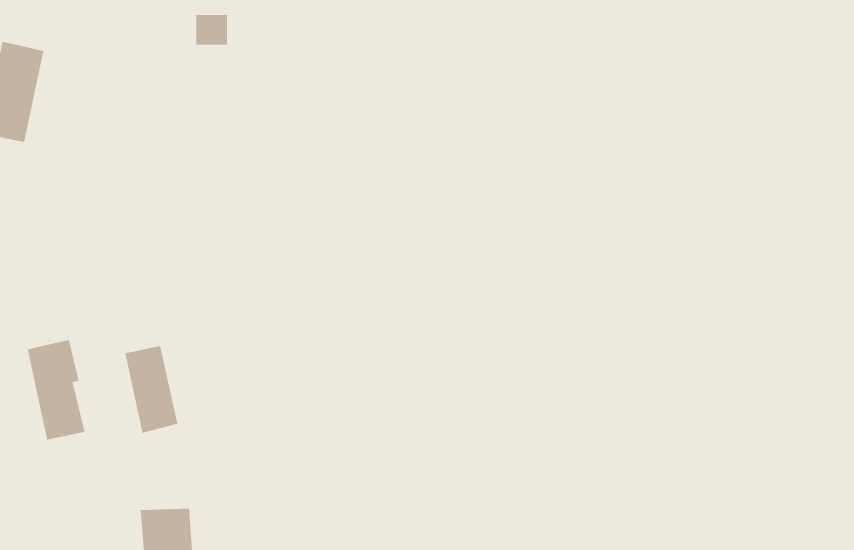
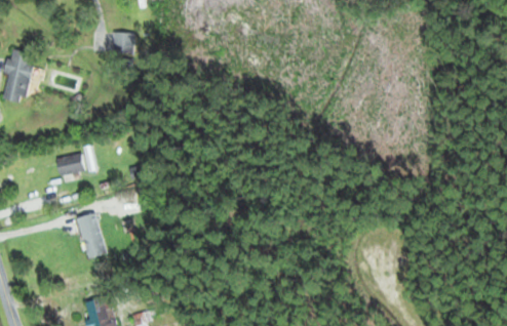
building: none -> [56,153,86,177]
building: [27,339,85,440] -> none

